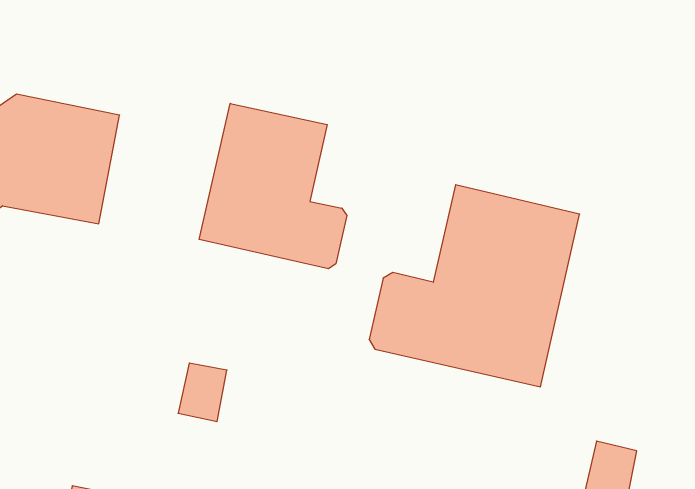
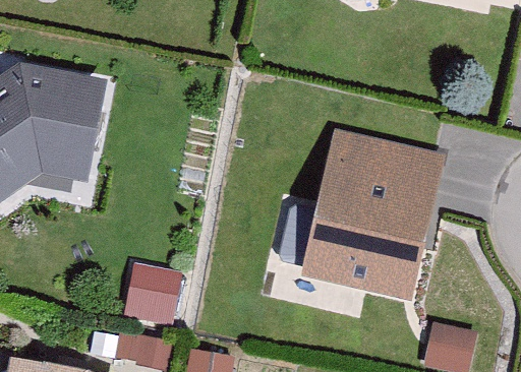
building: [199,103,347,269] -> none

